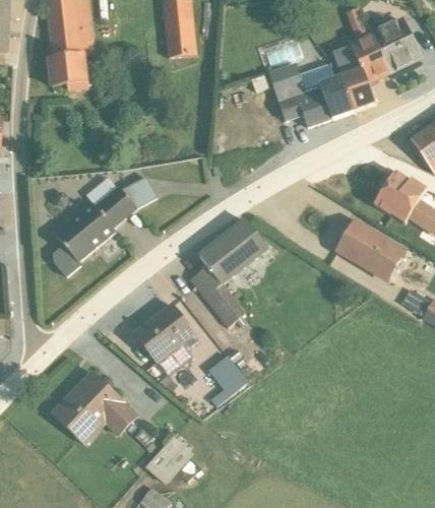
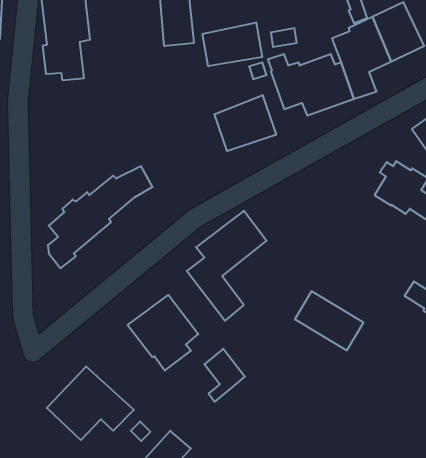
building: none -> [203,23,262,66]
building: none -> [214,95,276,151]
building: [337,221,405,279] -> [295,291,363,350]

